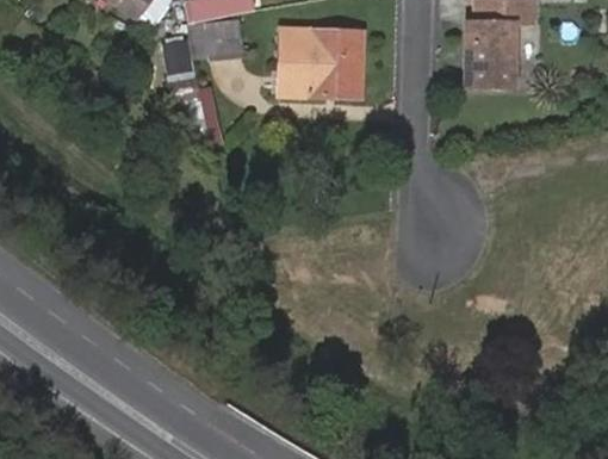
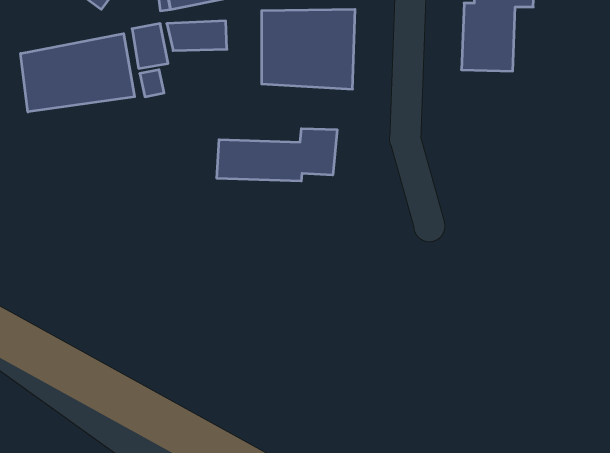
building: none -> [21,34,135,112]
building: none -> [217,129,337,181]

